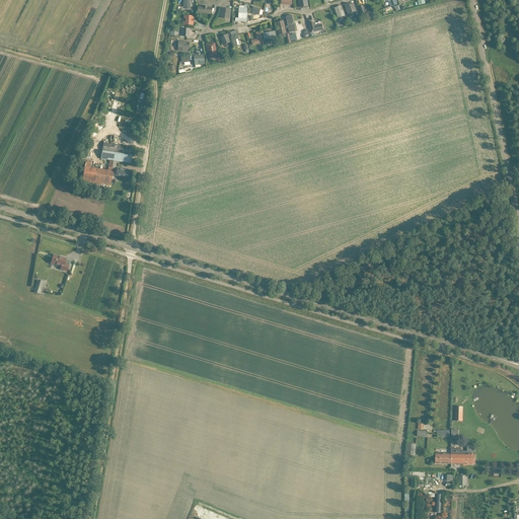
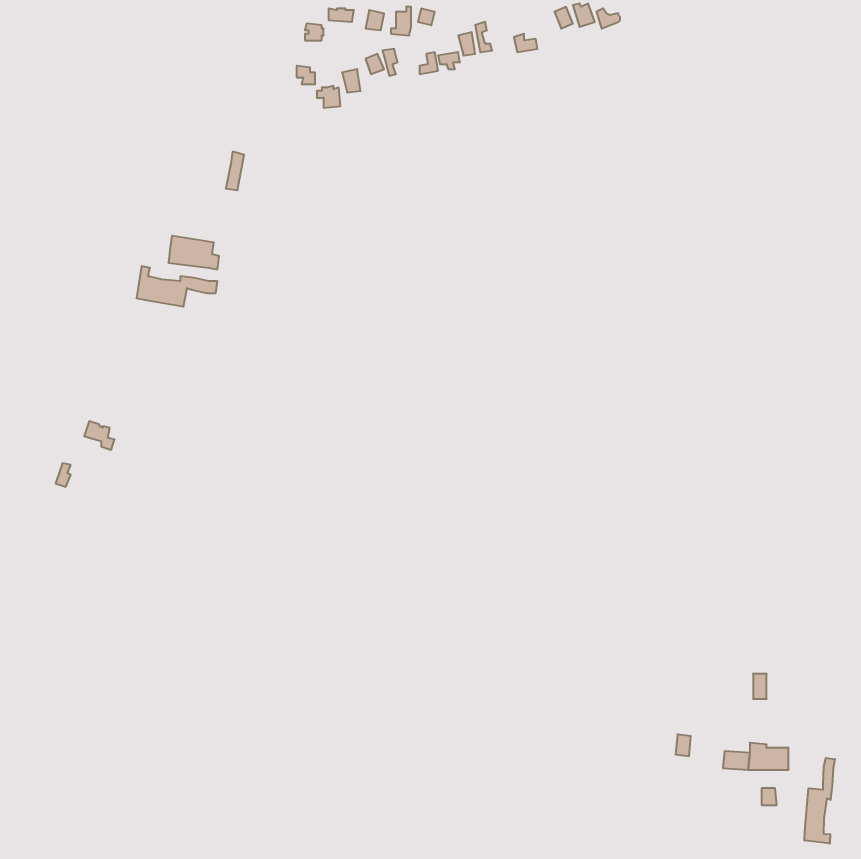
building: none -> [804,758,835,844]

